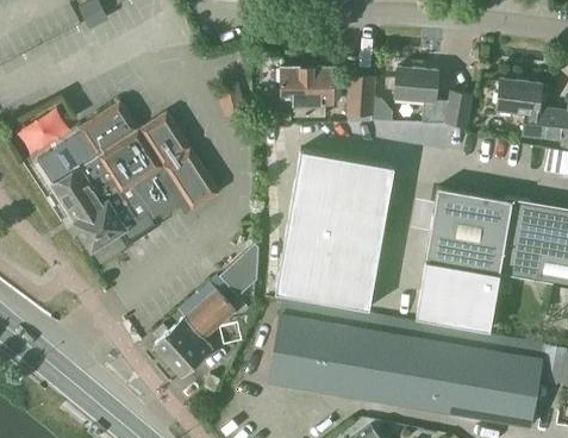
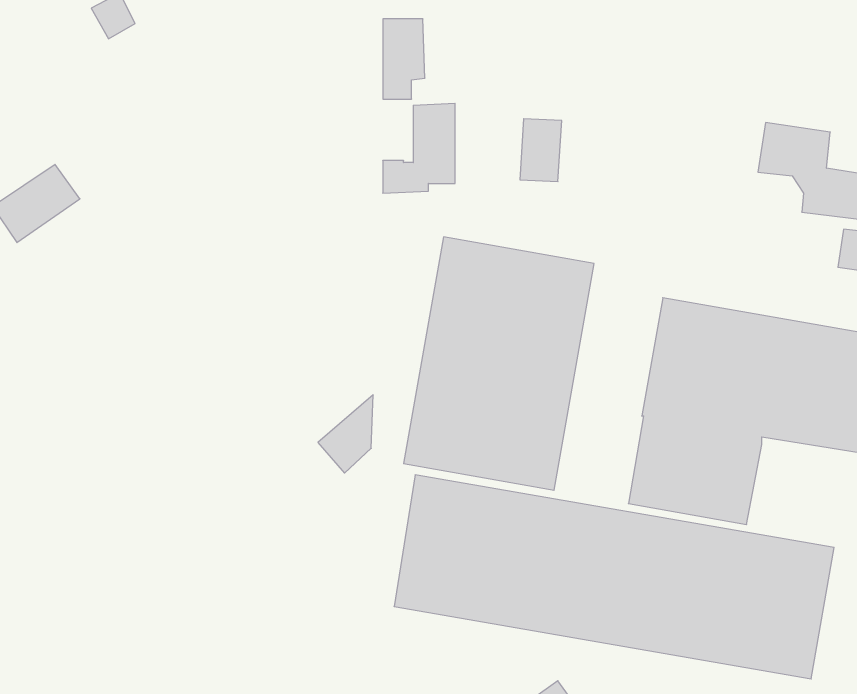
building: [307,67,333,117] -> [383,19,425,99]
building: [394,68,470,126] -> none
building: [37,101,219,251] -> none
building: [155,290,236,375] -> none

